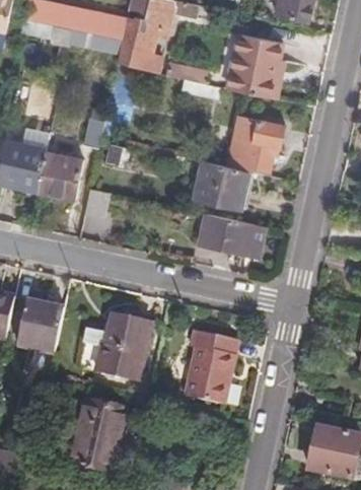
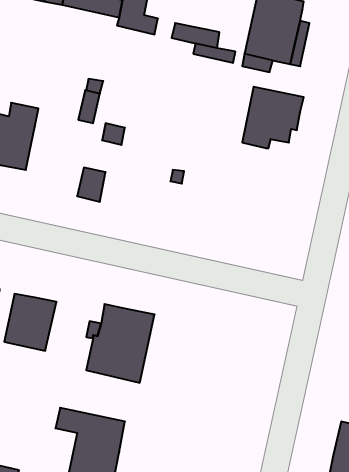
building: [35,153,80,202] -> none
building: [192,161,250,214] -> none
building: [199,215,263,259] -> none
building: [185,332,237,405] -> none

